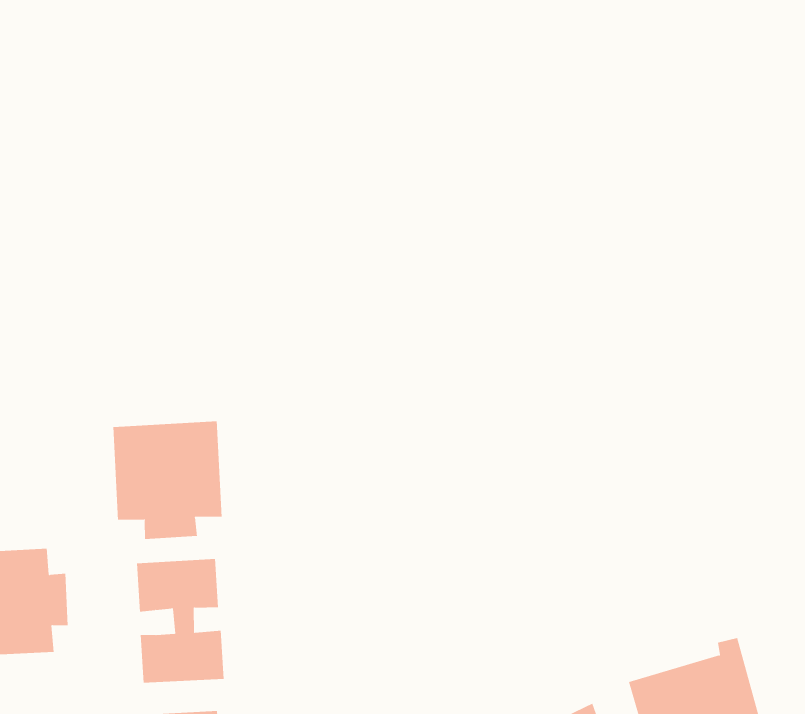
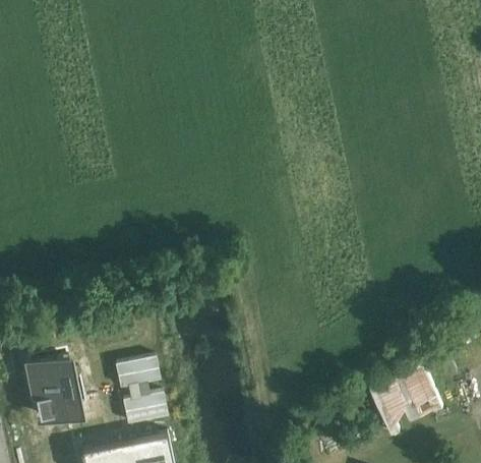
building: [113,420,222,540] -> none

